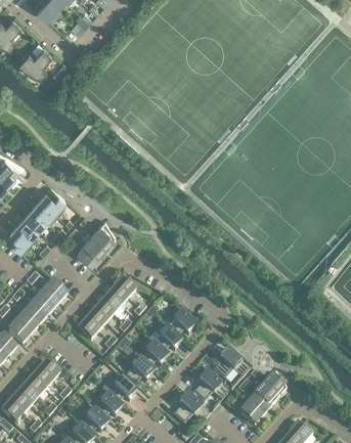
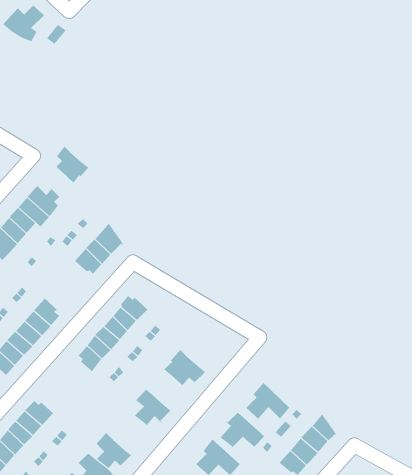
building: none -> [55,146,89,183]
building: [166,308,193,338] -> none
building: [137,339,166,368] -> none
building: [106,374,134,404] -> none

